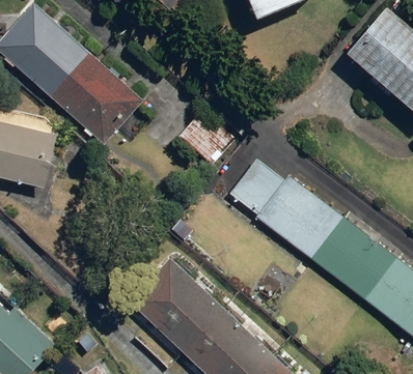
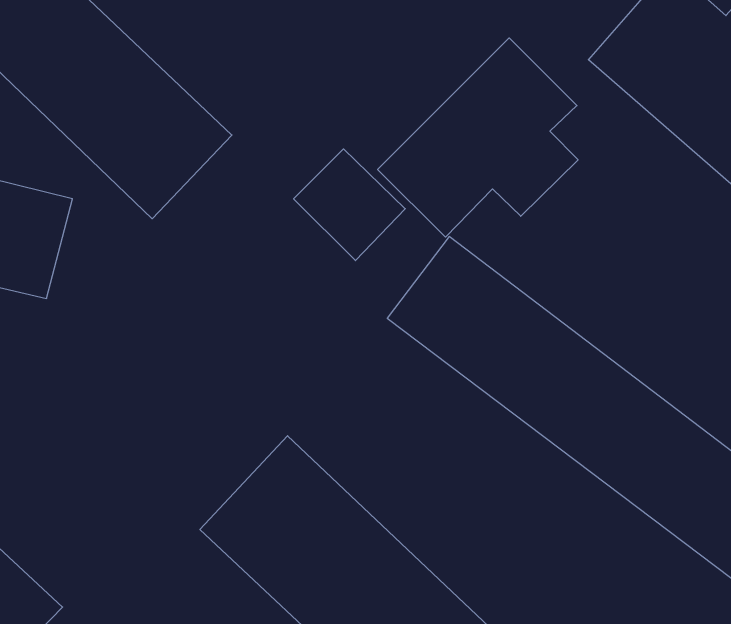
building: none -> [378,38,578,237]

